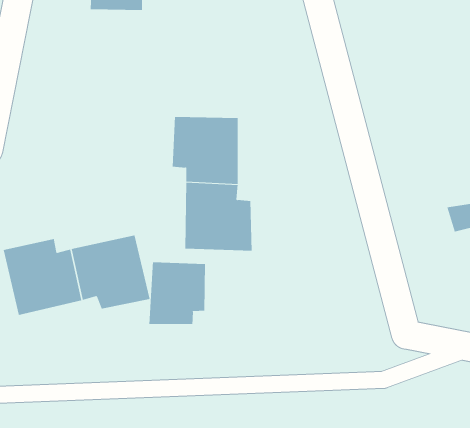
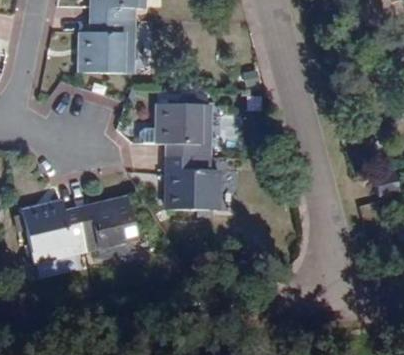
building: none -> [78,18,133,73]
building: [149,262,205,325] -> none

